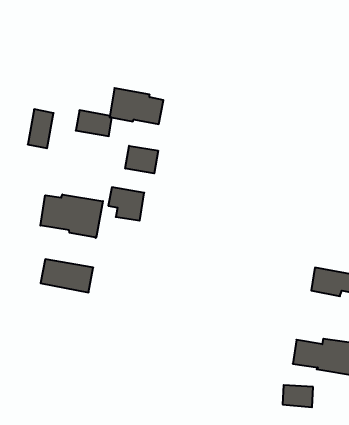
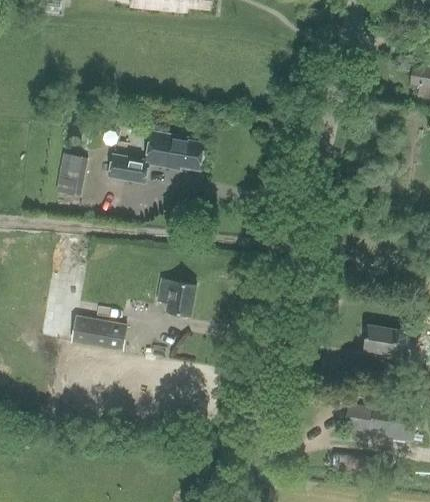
building: [125,146,158,173] -> none
building: [108,187,144,221] -> [158,280,197,316]
building: [40,194,103,238] -> none

